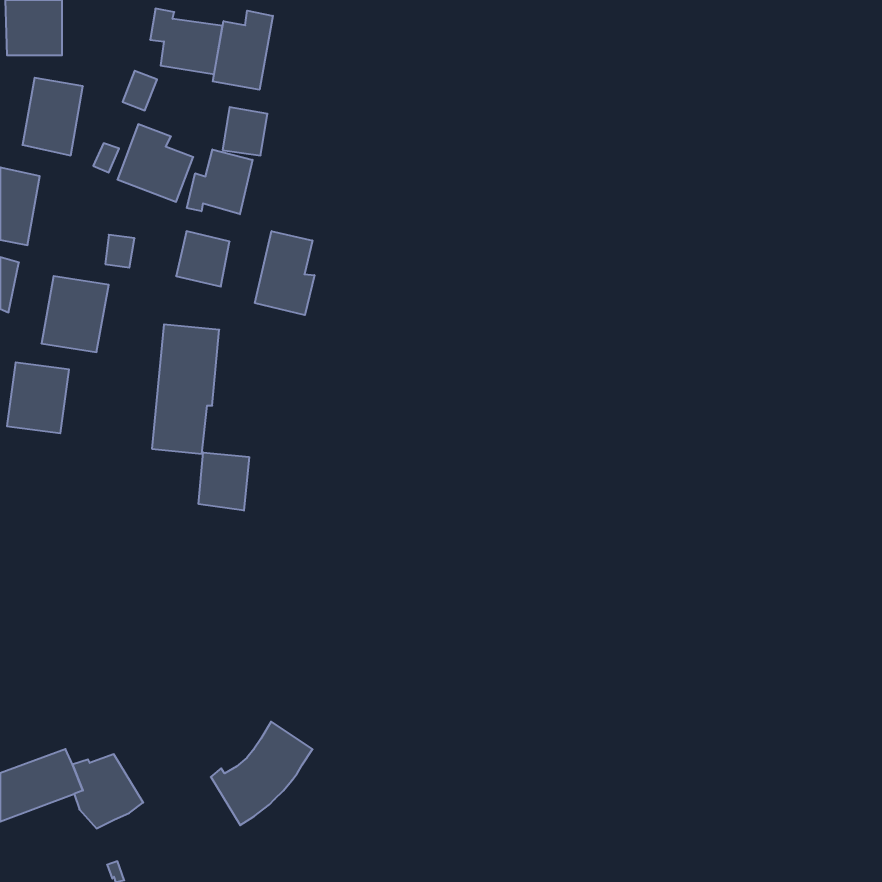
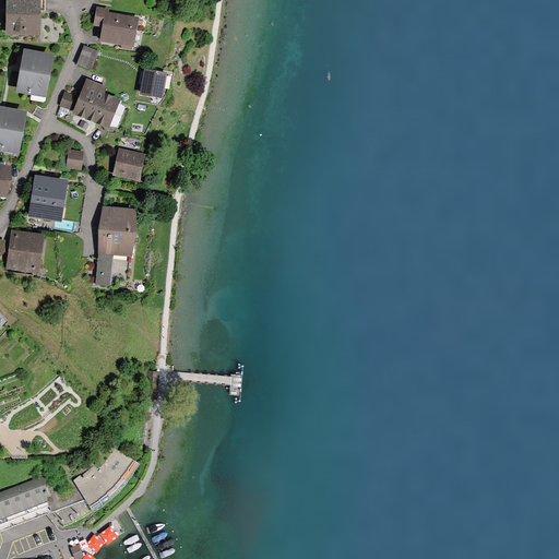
building: [213,11,273,90] -> none
building: [187,149,253,214] -> none
building: [255,231,314,315] -> none
building: [199,452,249,511] -> none
building: [211,722,313,825] -> [72,442,136,508]

